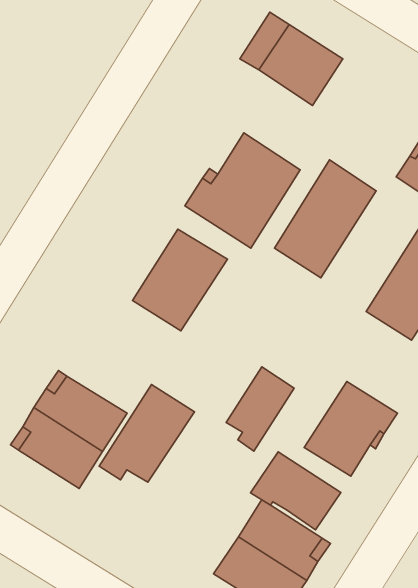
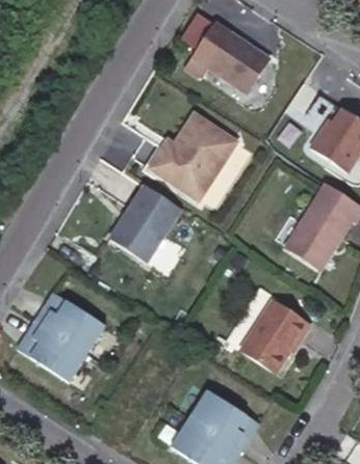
building: [274,160,376,278] -> none
building: [226,367,294,451] -> none
building: [99,384,195,482] -> none
building: [251,452,341,530] -> none

